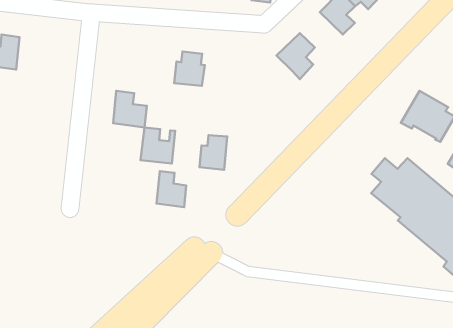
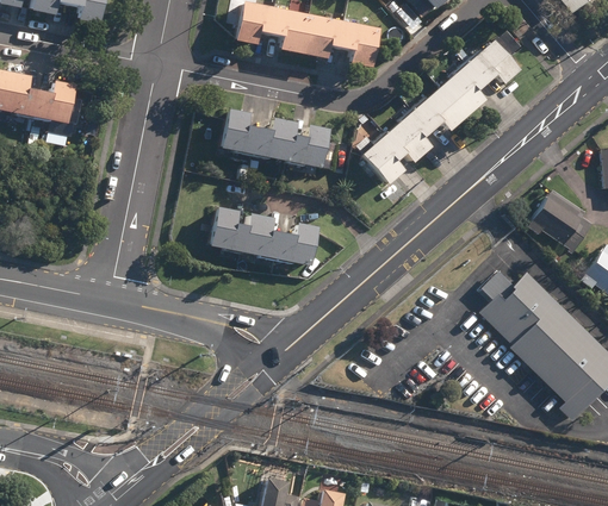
building: none -> [412,86,465,133]
building: none -> [287,127,335,170]
building: none -> [356,135,399,187]
building: [113,91,147,128] -> [216,111,259,158]
building: [156,171,186,207] -> [243,217,281,263]

